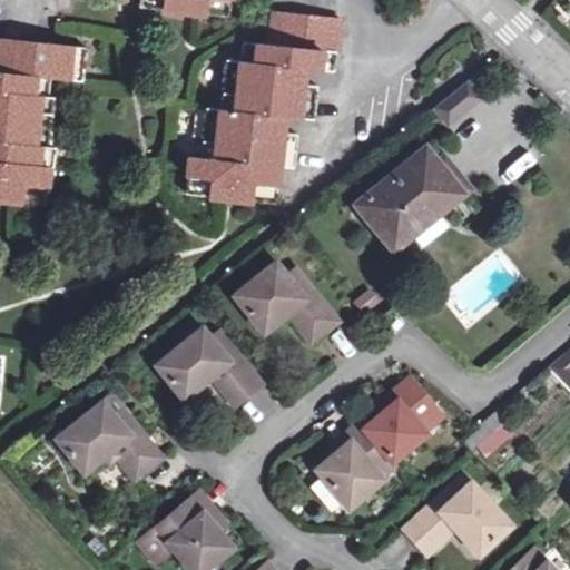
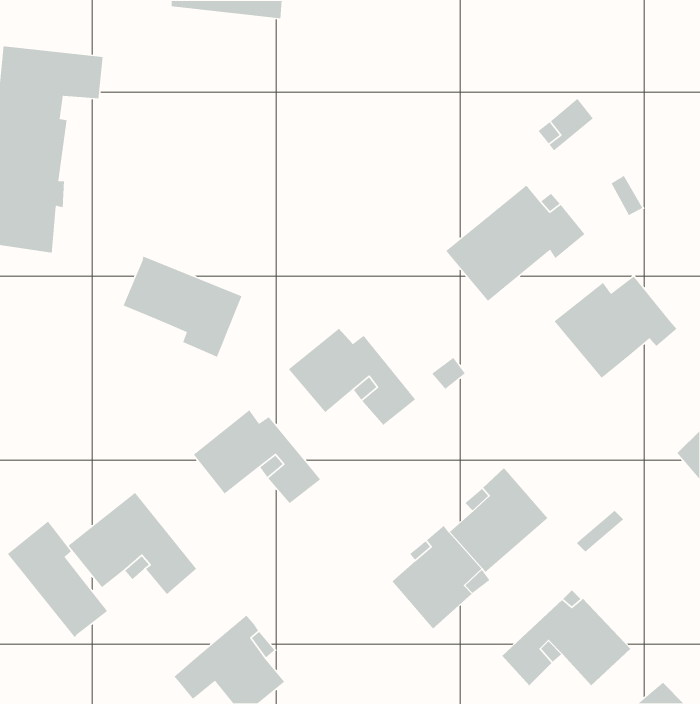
building: [185,11,338,204] -> none
building: none -> [123,255,243,358]
building: none -> [554,275,678,379]
building: none -> [7,520,108,638]

